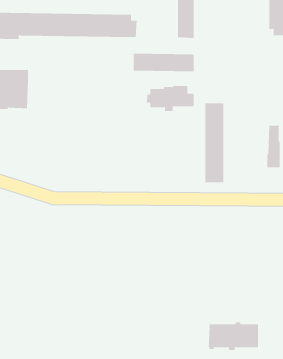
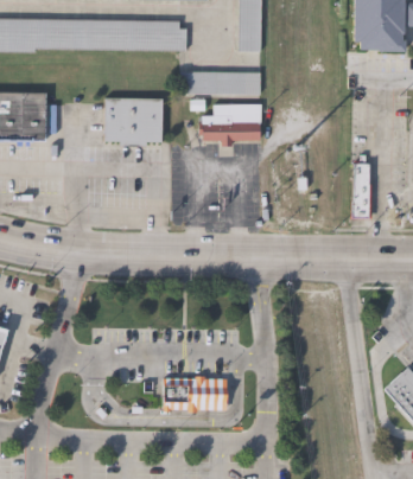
building: none -> [106,97,164,145]
building: [205,103,224,183] -> none
building: [208,322,259,350] -> [163,376,228,413]

